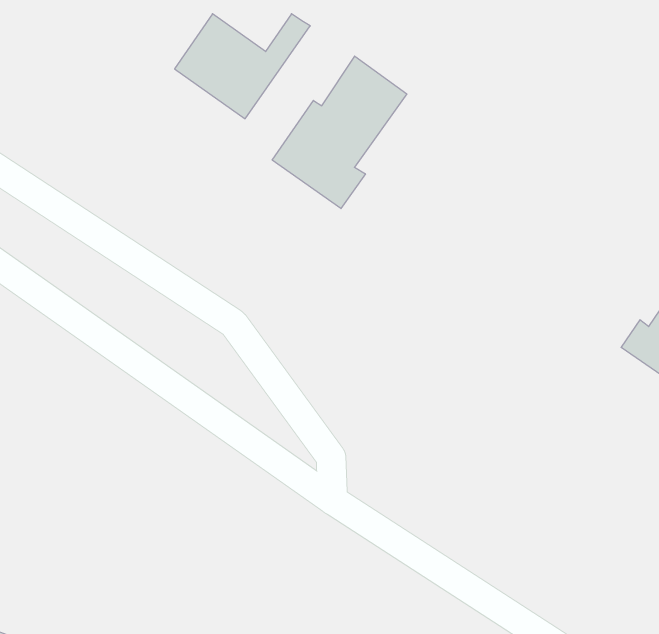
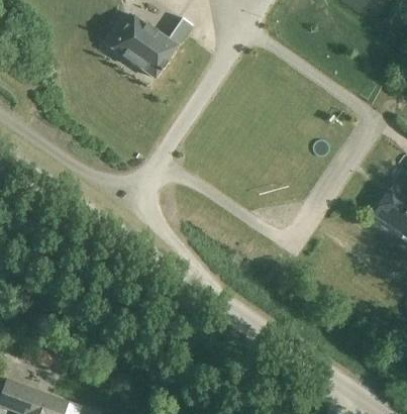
building: [272,56,407,209] -> none

